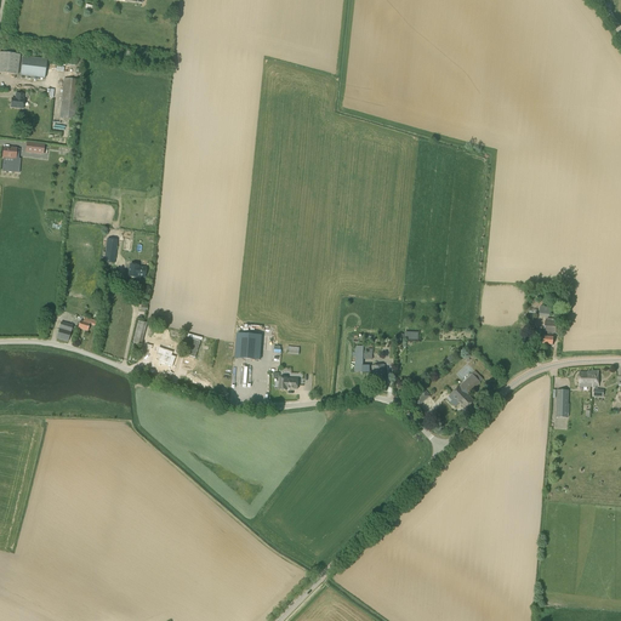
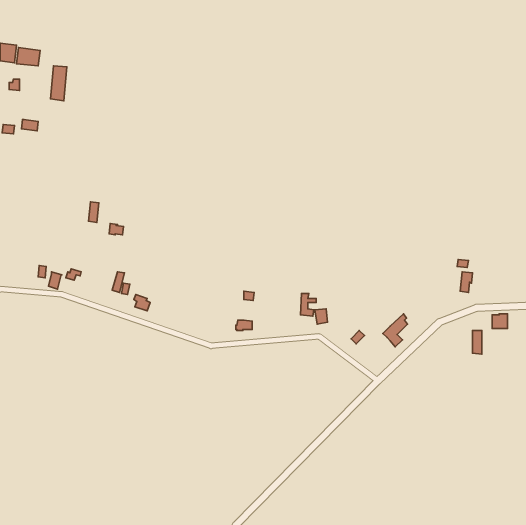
building: [235,332,262,359] -> none

